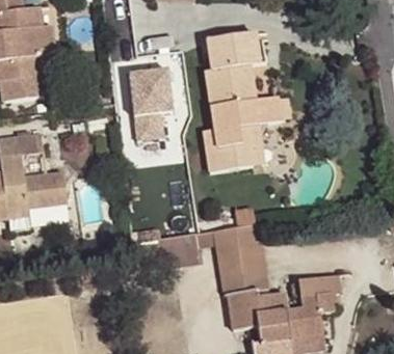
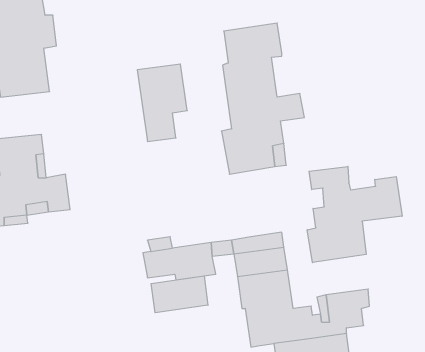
building: none -> [307,166,402,263]
building: none -> [151,276,208,313]

